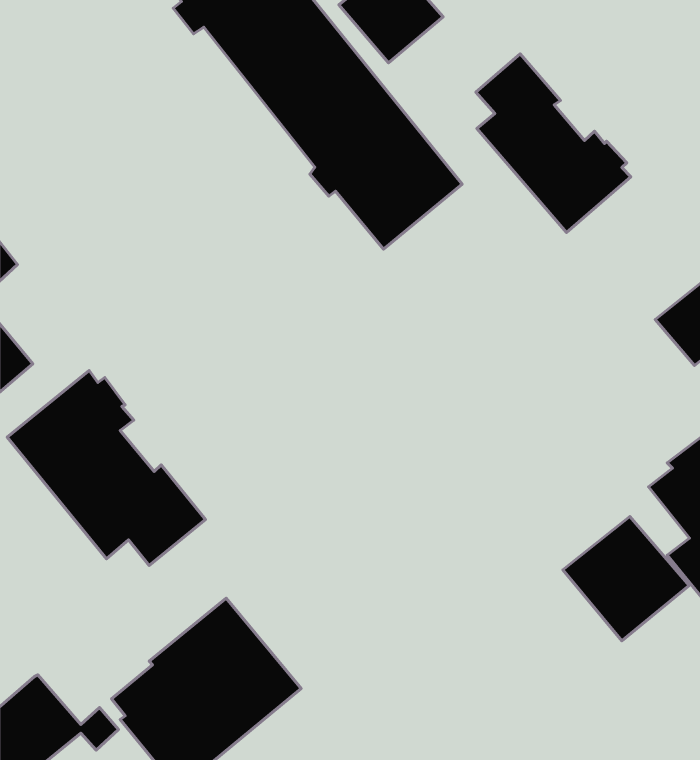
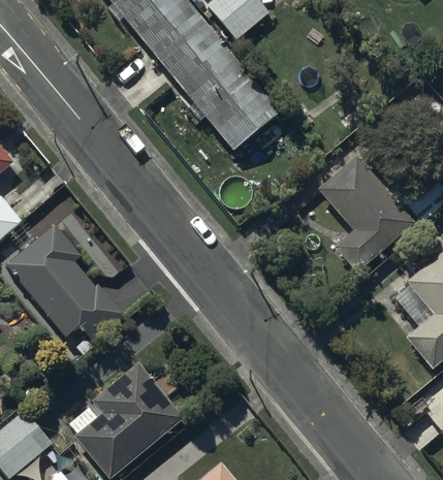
building: [476,54,631,233] -> none
building: none -> [318,155,415,273]
building: [563,516,689,641] -> none

